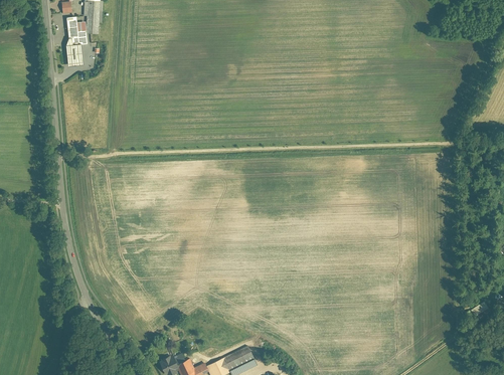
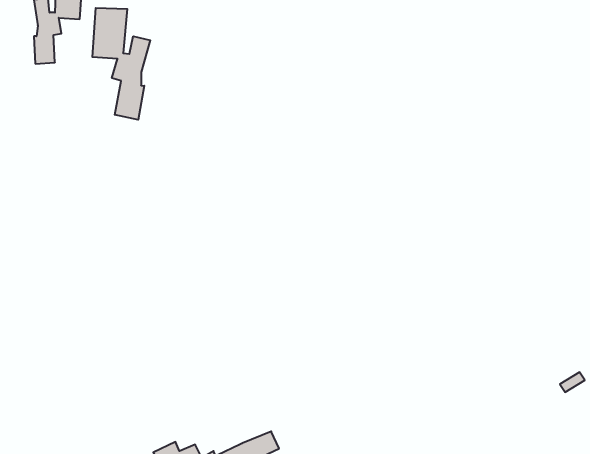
building: none -> [92,8,150,120]

